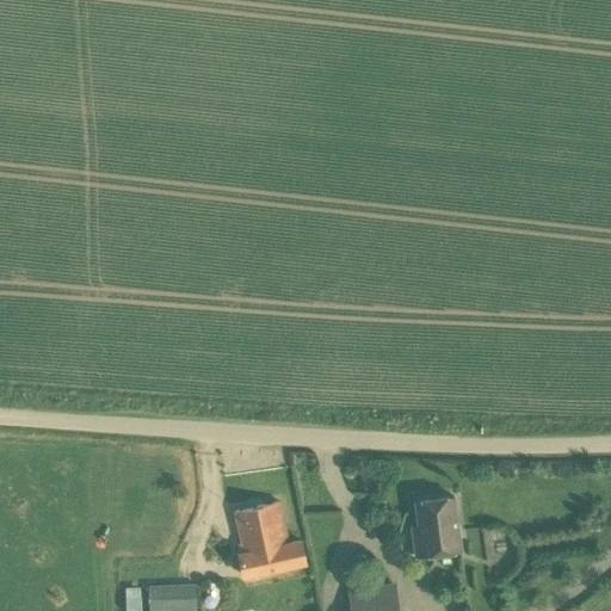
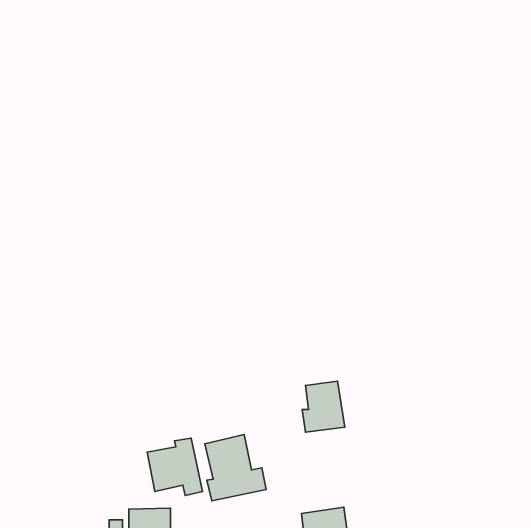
building: [412,500,461,558] -> [302,381,345,432]
building: none -> [147,438,203,495]

